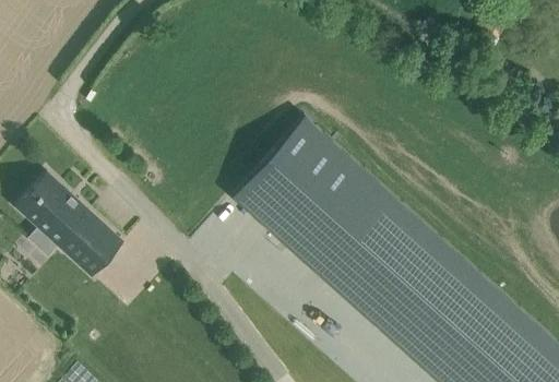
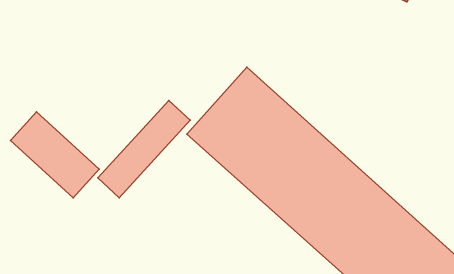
building: none -> [98,100,190,198]

